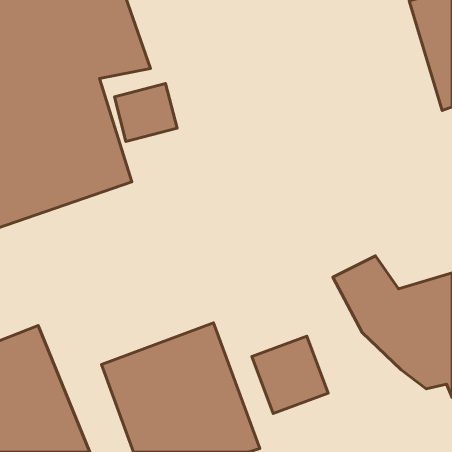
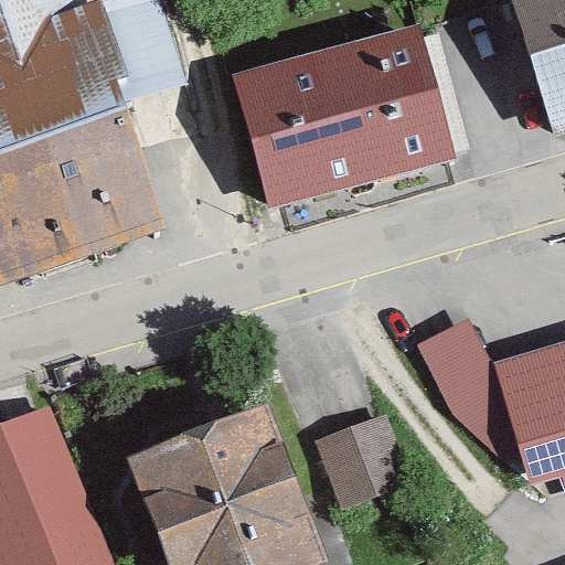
building: none -> [244,39,467,206]
building: [114,83,177,141] -> none

